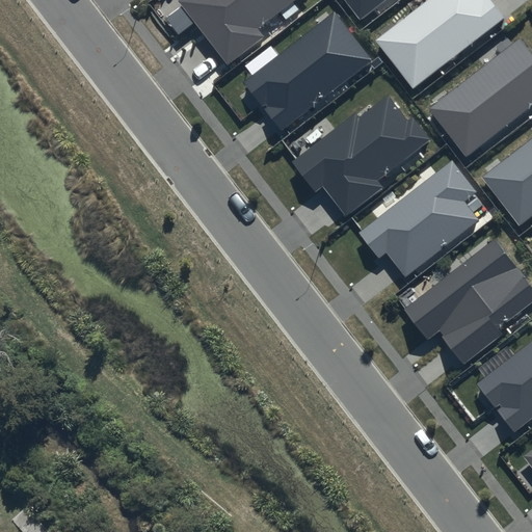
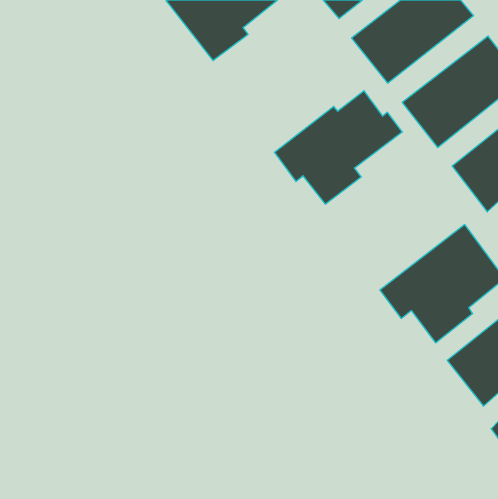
building: [243,11,373,131] -> none
building: [360,162,481,277] -> none

